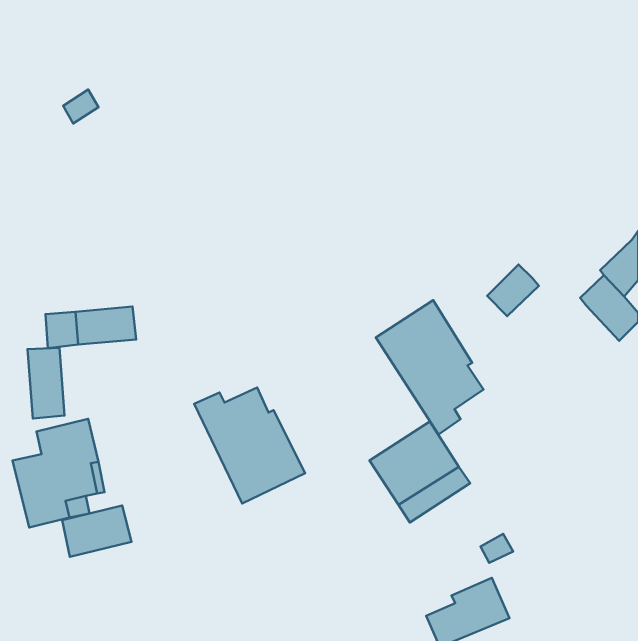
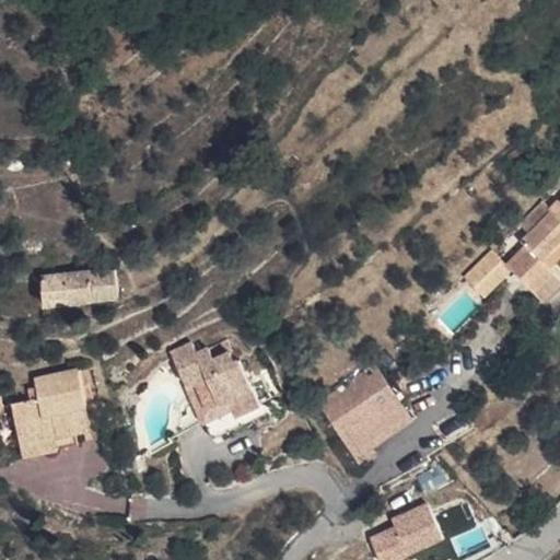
building: [487,264,539,316] -> [464,249,509,294]
building: [376,300,484,434] -> none
building: [27,348,65,418] -> none
building: [62,506,132,557] -> none

